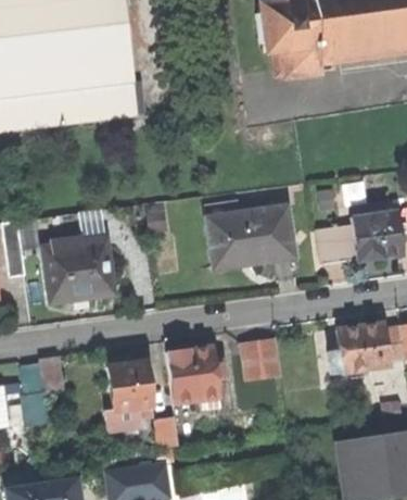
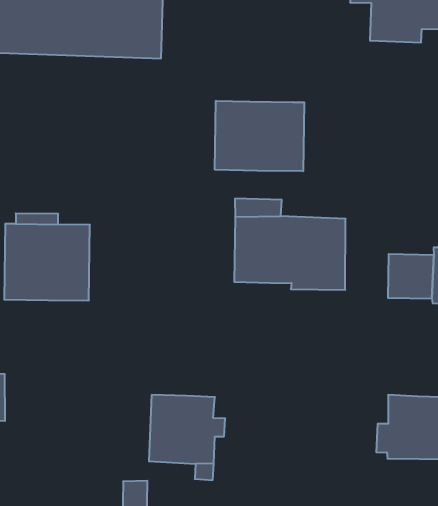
building: none -> [215,101,304,171]
building: [244,341,282,382] -> none
building: [109,362,154,418] -> none

